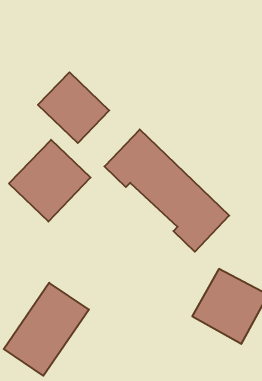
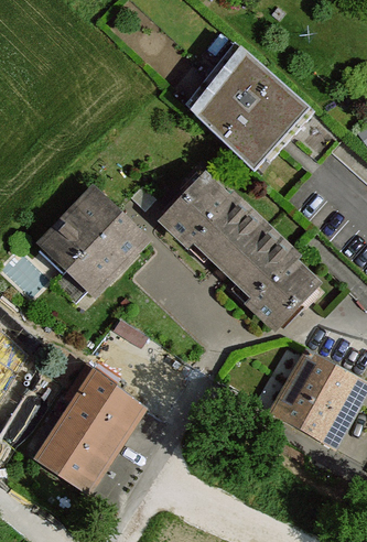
building: none -> [191,46,311,170]
building: [38,72,109,143] -> none

